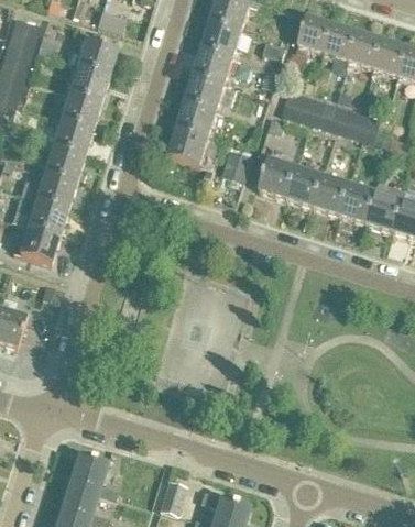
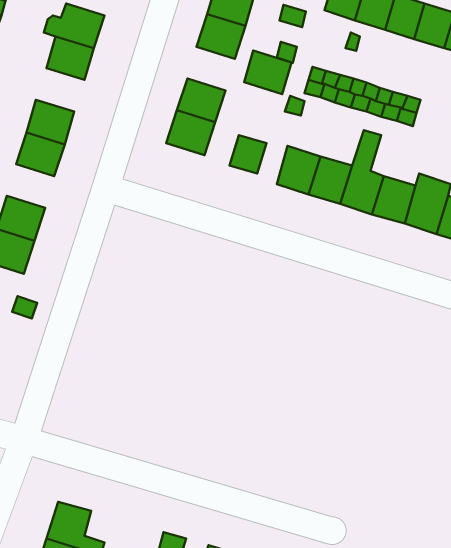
building: [187,75,227,111] -> [244,51,291,94]
building: [61,92,101,129] -> none
building: [36,173,76,209] -> none

